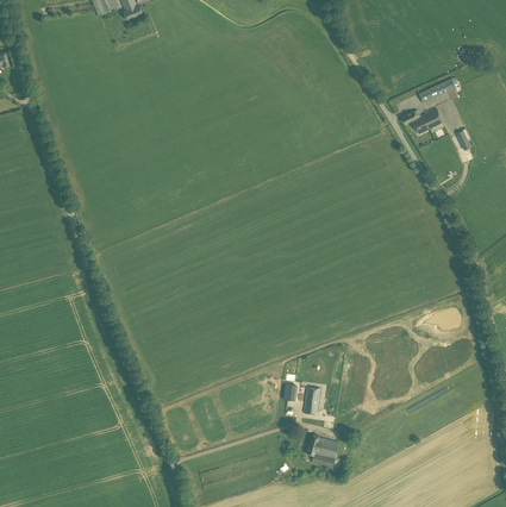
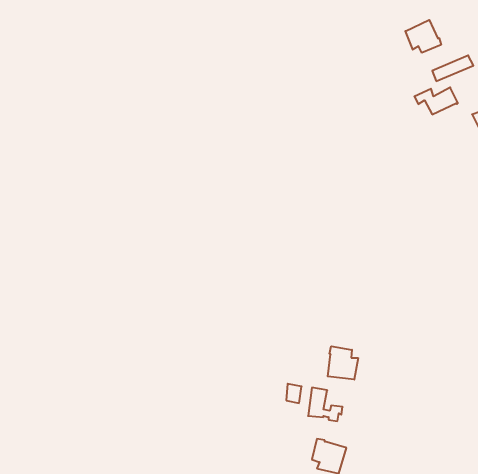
building: none -> [405,20,441,53]
building: none -> [328,346,358,380]

